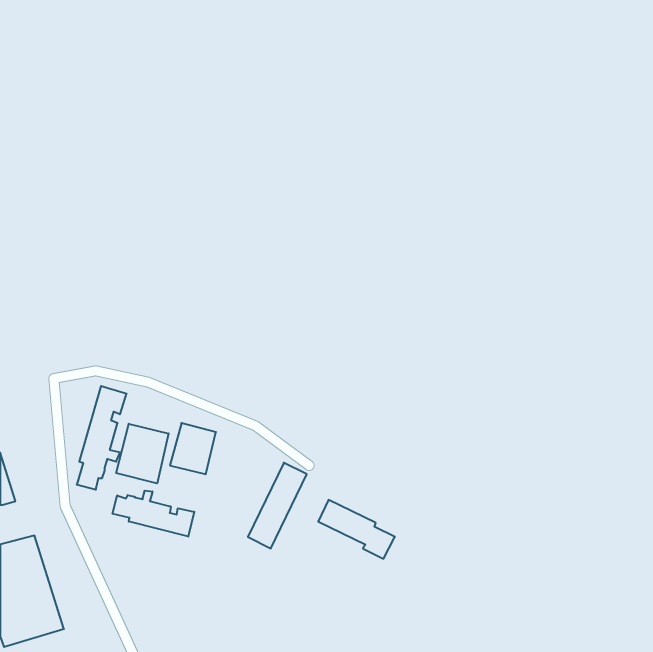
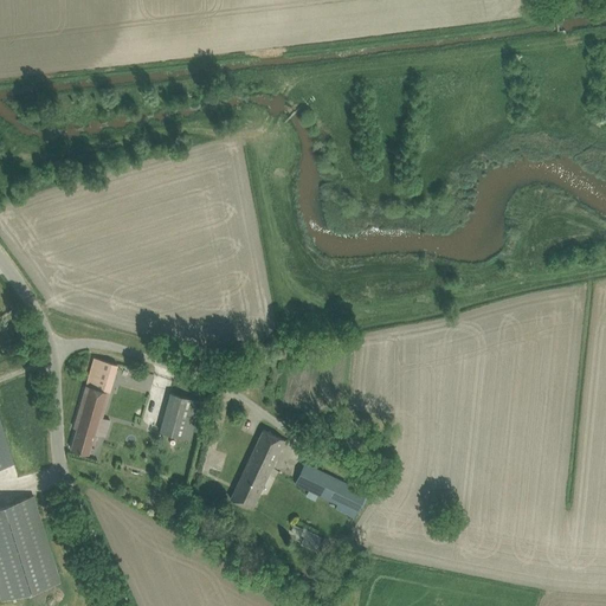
building: [116,424,169,483] -> none
building: [112,491,194,537] -> none

